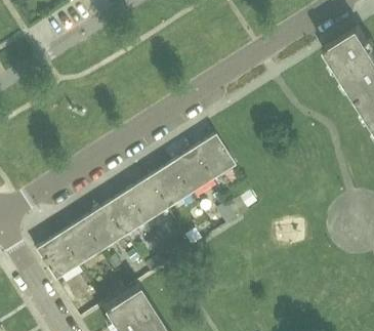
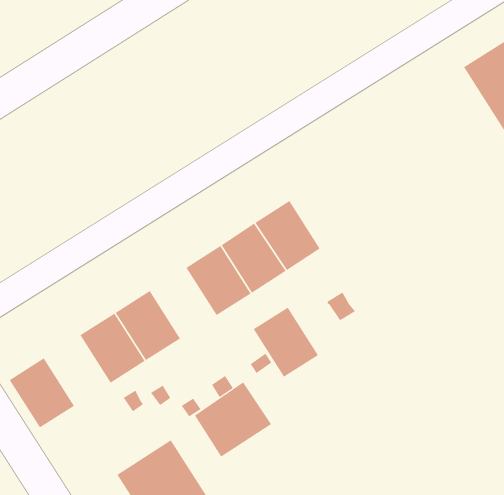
building: [125,177,167,222] -> [253,307,319,377]
building: [57,220,99,265] -> none
building: none -> [194,382,272,457]

